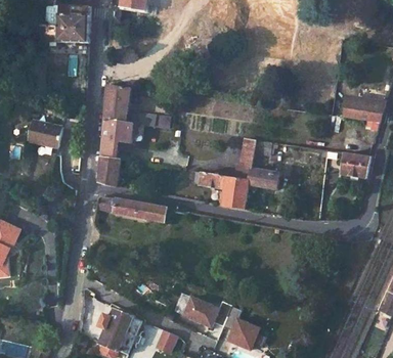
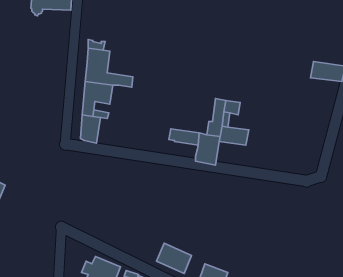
building: [26,121,60,146] -> none
building: [342,152,369,177] -> none
building: [113,198,167,222] -> none

